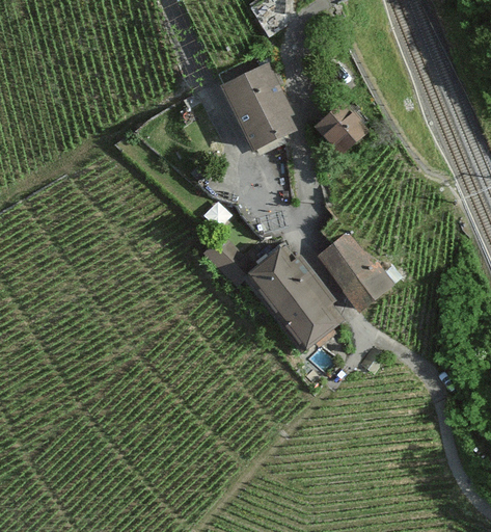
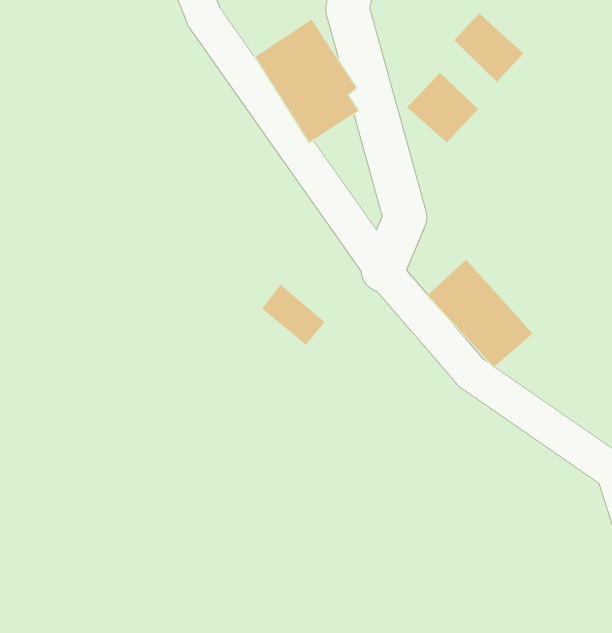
building: none -> [453,12,524,82]
building: [245,252,331,348] -> none

